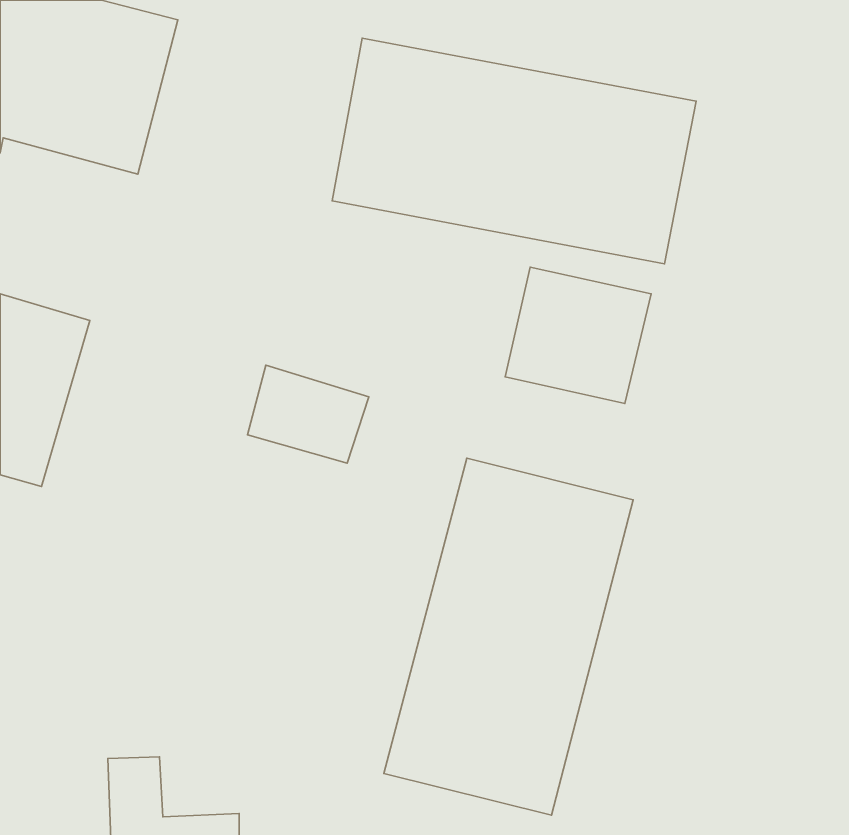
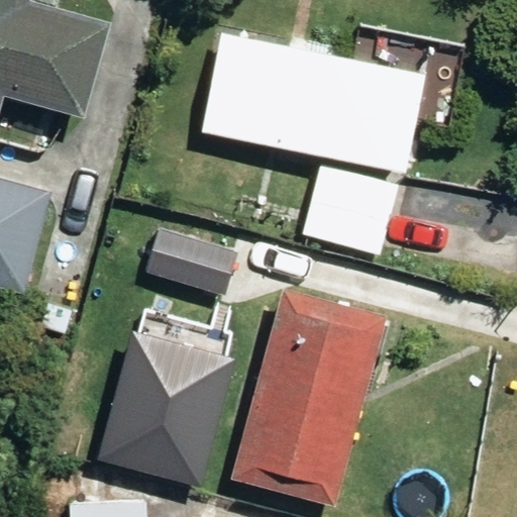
building: none -> [98,338,233,491]

